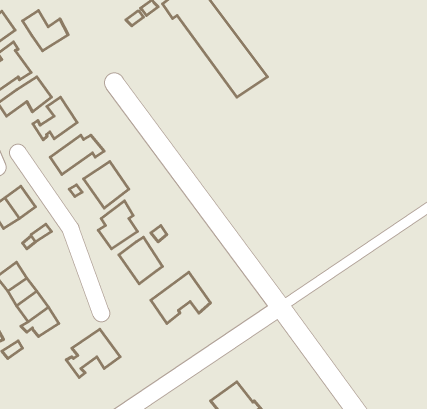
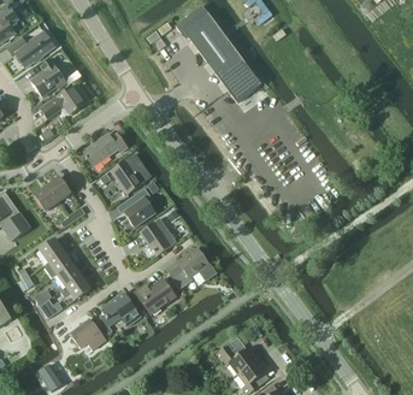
building: [22,10,68,51] -> none
building: [33,97,77,140] -> none
building: none -> [135,279,176,314]
building: none -> [70,319,106,350]

